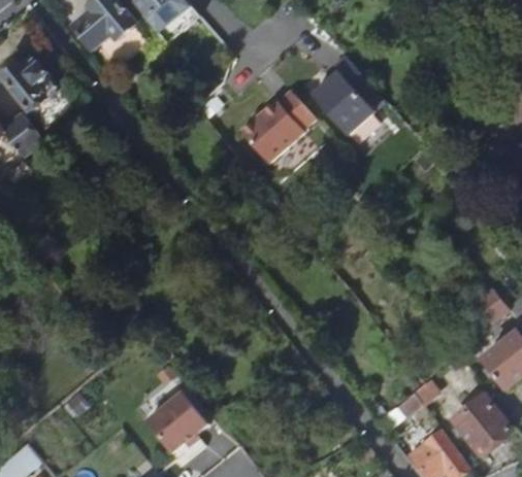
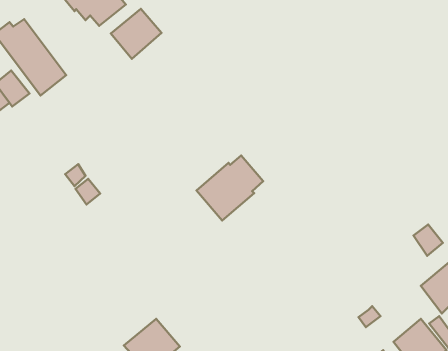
building: none -> [111,9,162,59]
building: [311,54,374,136] -> none
building: [240,89,316,162] -> [196,156,263,221]

